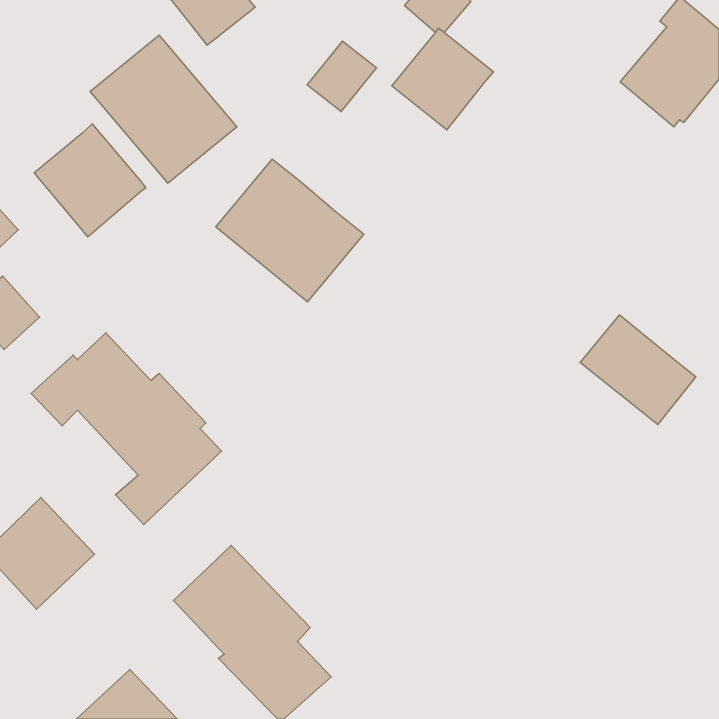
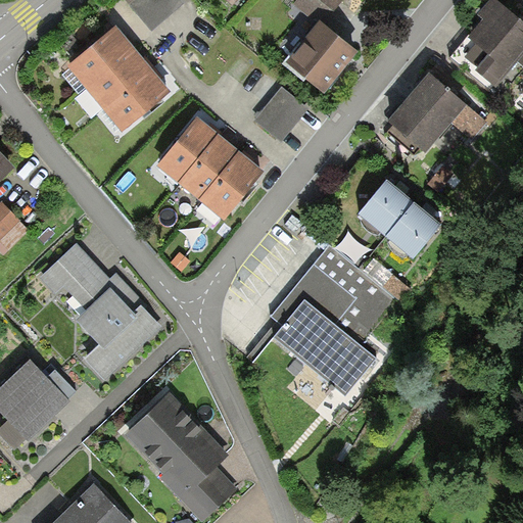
building: [307,41,376,112] -> [256,89,306,140]
building: none -> [385,70,488,155]
building: [34,124,146,237] -> none
building: [580,315,696,425] -> [358,181,441,260]
building: none -> [270,244,409,396]

